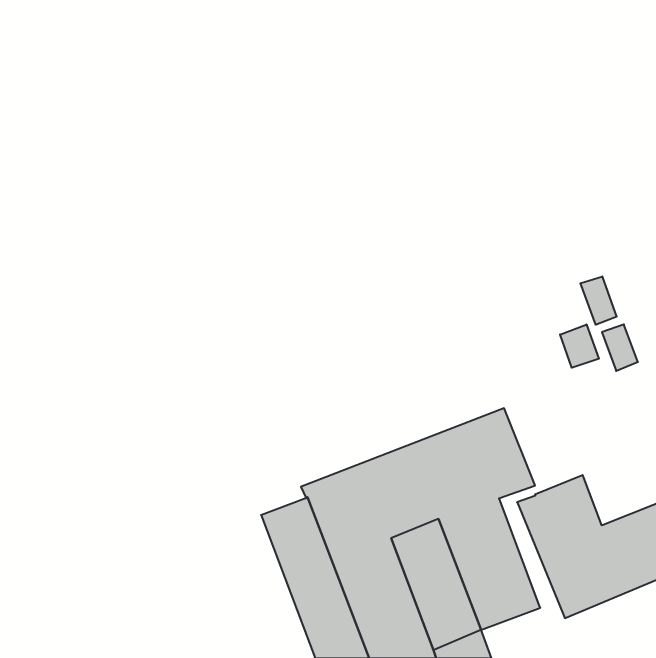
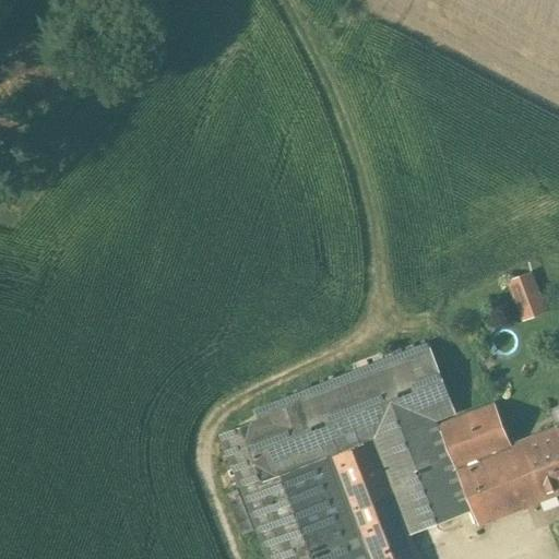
building: [580,276,617,325] -> none
building: [560,324,599,368] -> none

